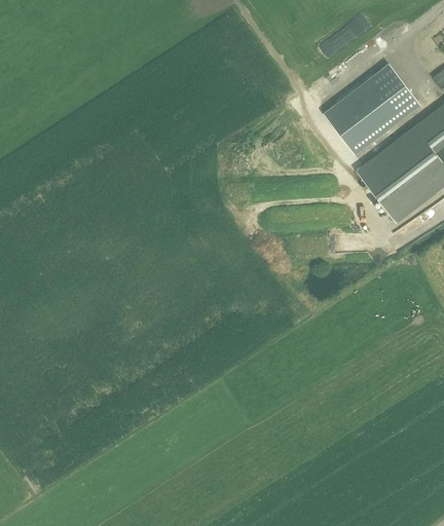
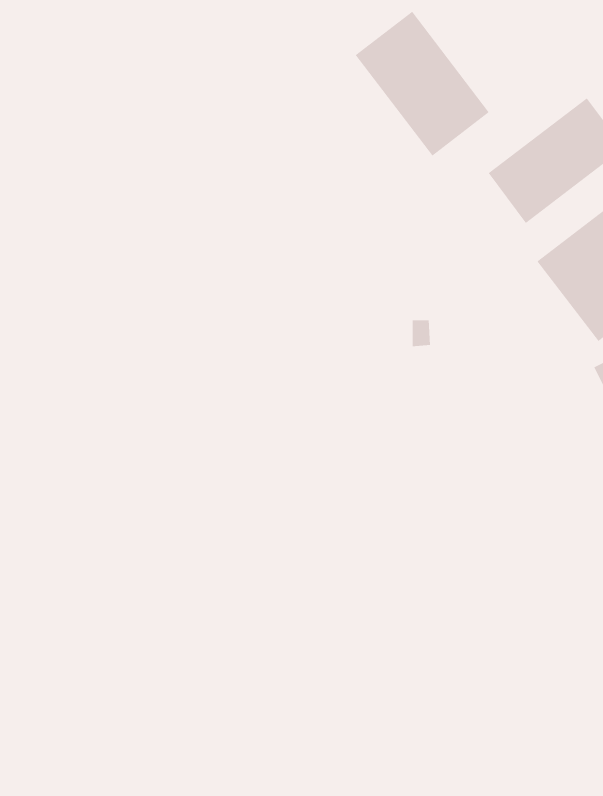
building: none -> [355,11,489,157]

